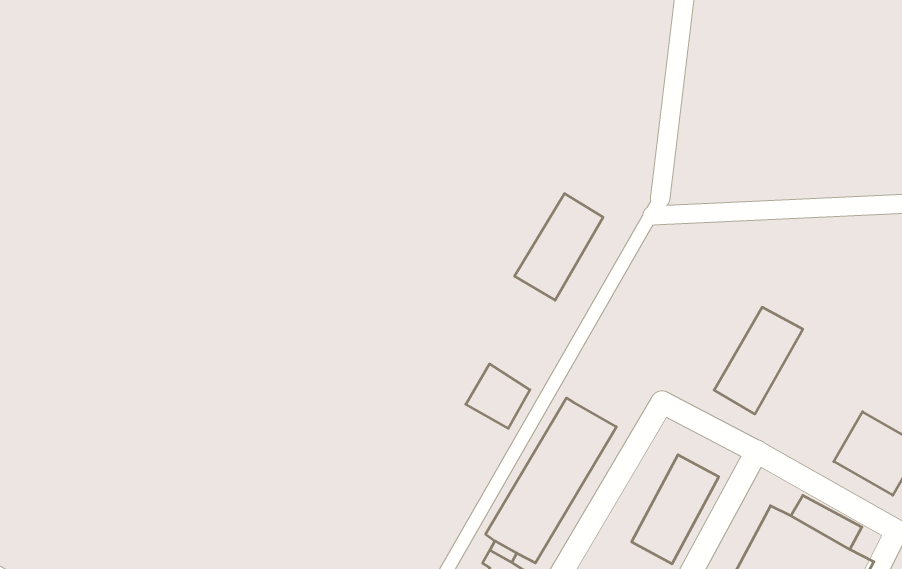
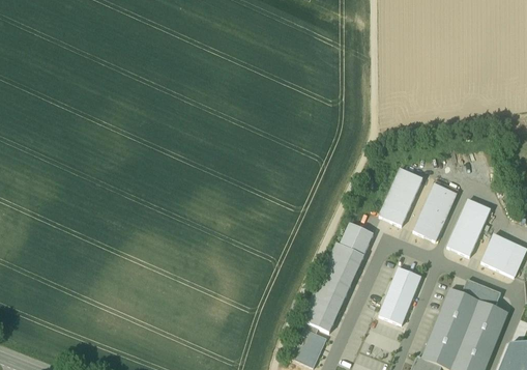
building: [515,194,603,300] -> [378,169,421,226]
building: none -> [446,200,490,257]
building: [466,364,530,428] -> [340,223,373,256]

